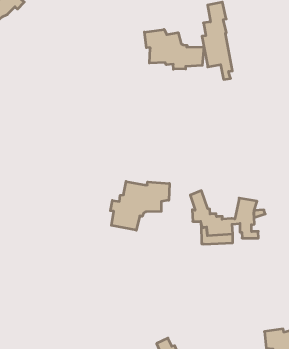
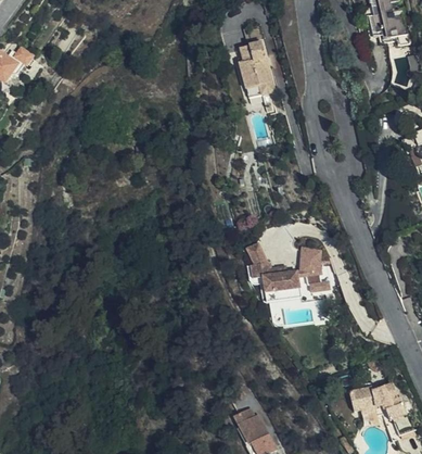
building: [144,29,204,69] -> none
building: [110,181,169,230] -> none

